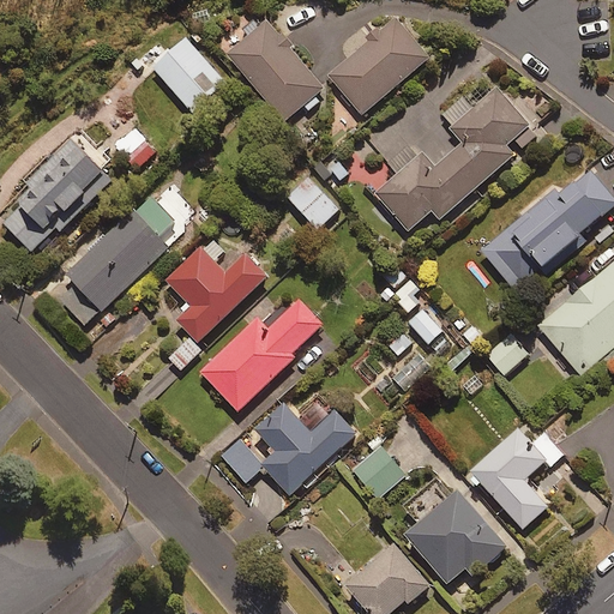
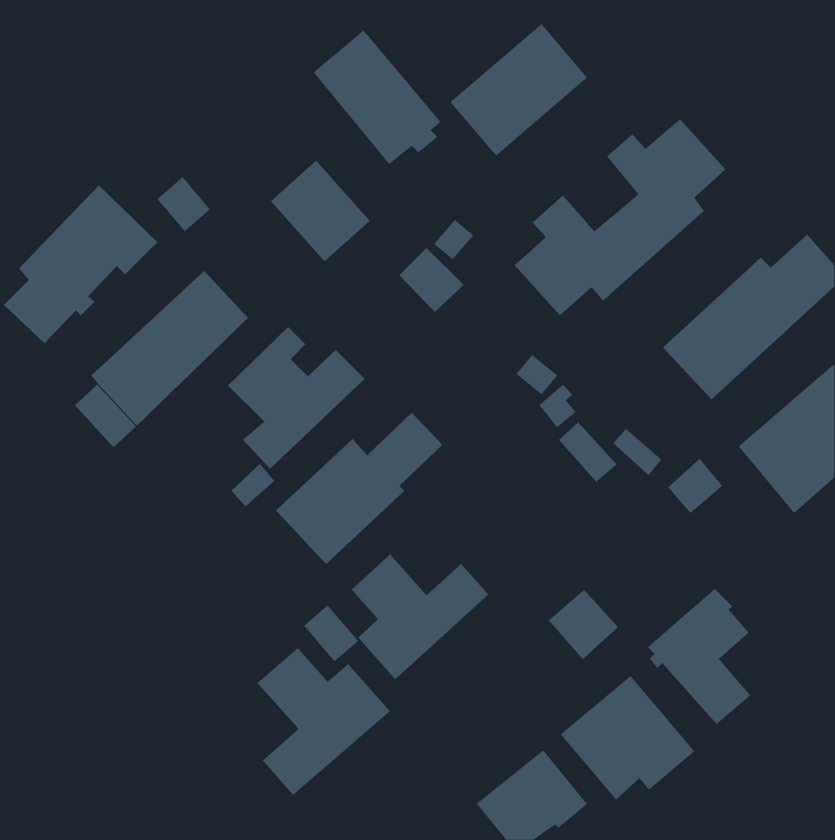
building: [151,37,224,112] -> [270,160,371,262]
building: [353,446,404,498] -> [548,589,619,660]
building: none -> [256,647,391,796]

